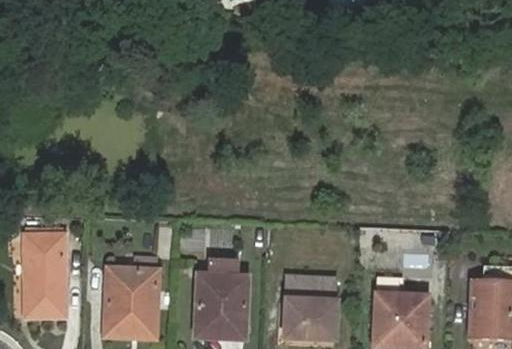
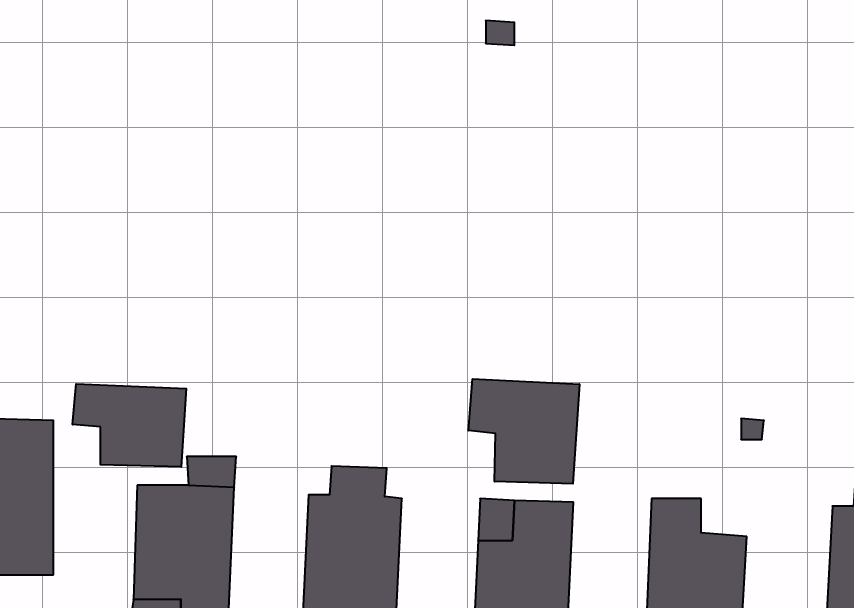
building: none -> [468,379,579,484]
building: none -> [73,384,186,467]

